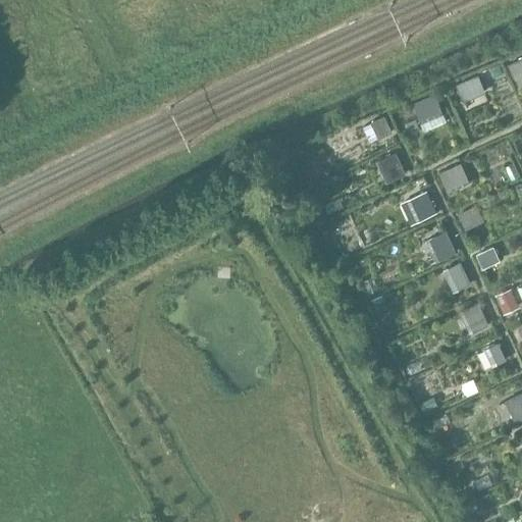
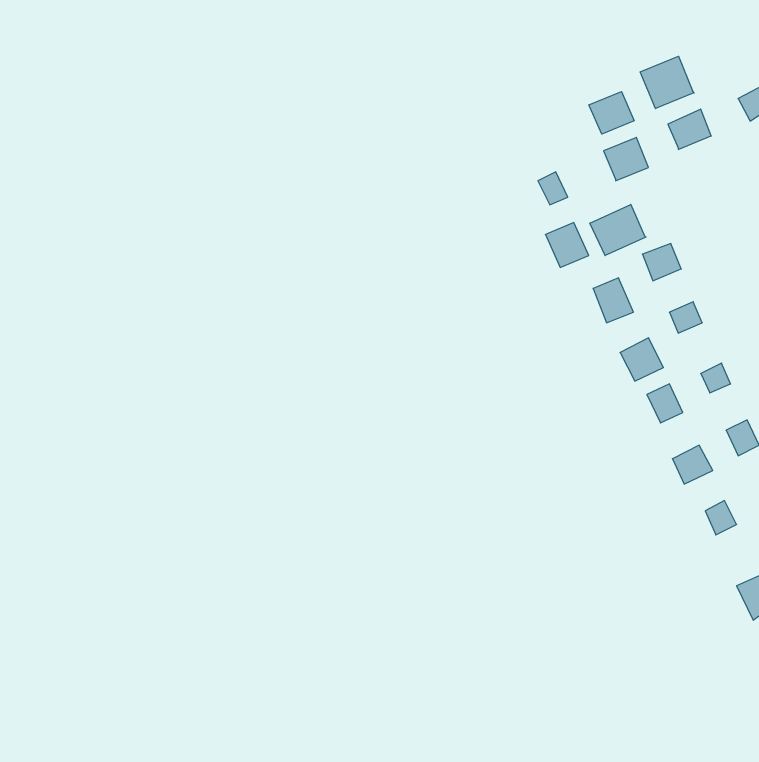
building: none -> [640,56,694,109]
building: none -> [589,92,634,134]
building: none -> [590,204,646,256]

